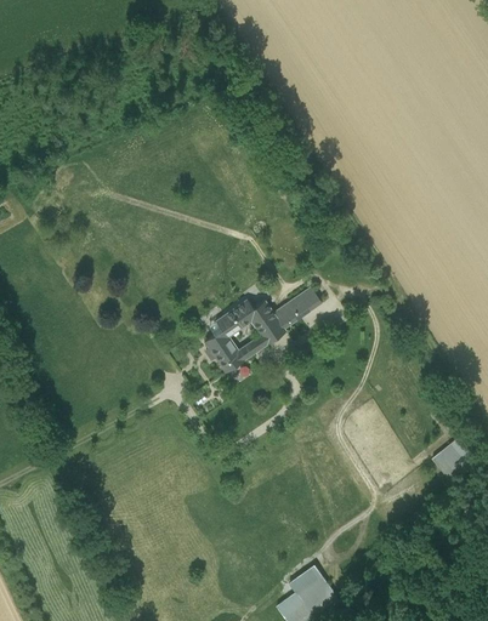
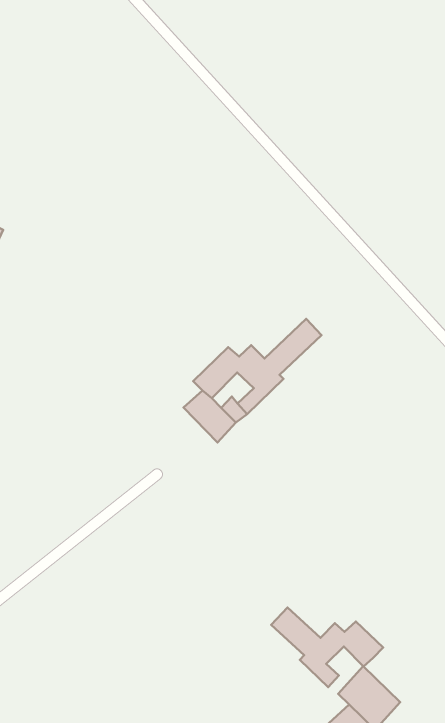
building: none -> [271,607,383,687]

